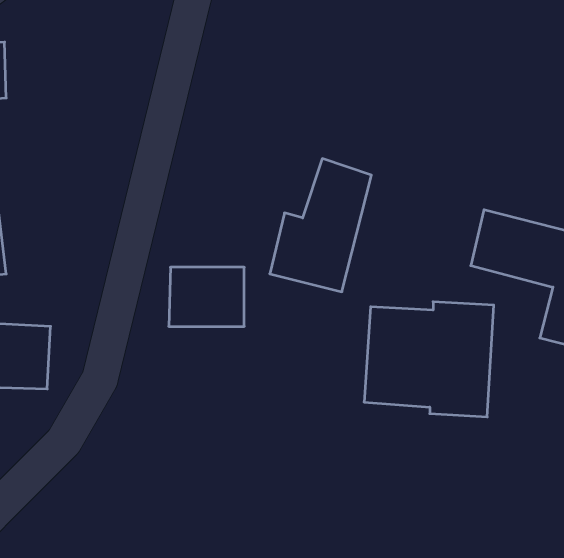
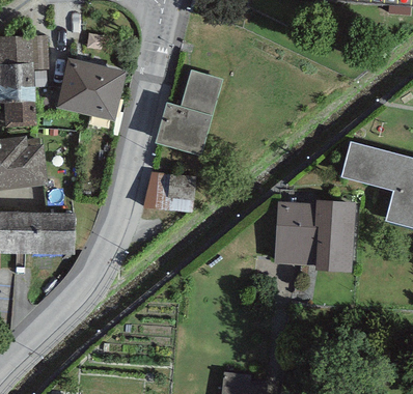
building: none -> [56,60,126,120]
building: [270,159,371,292] -> [158,71,222,154]

